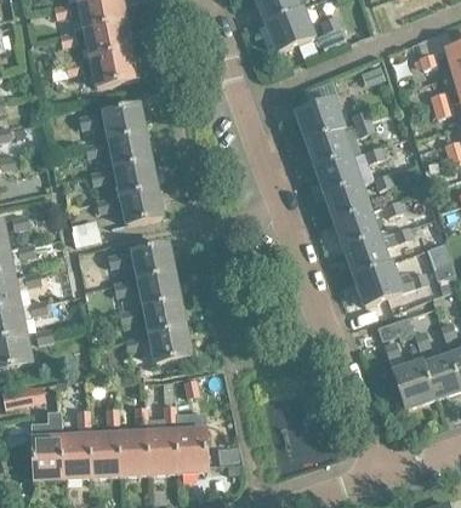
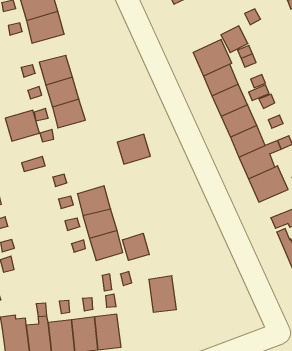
building: [120,185,161,222] -> [5,110,39,141]
building: [132,241,172,276] -> [117,134,150,164]
building: none -> [123,233,149,260]
building: [176,428,207,472] -> [149,276,176,312]

